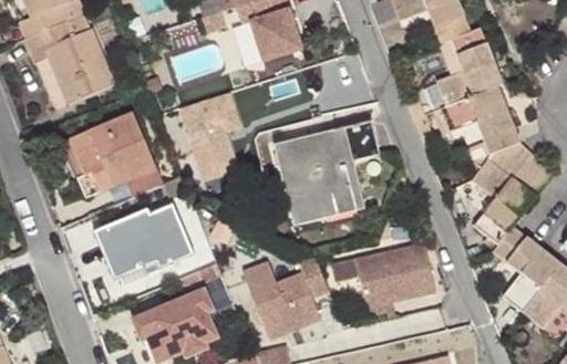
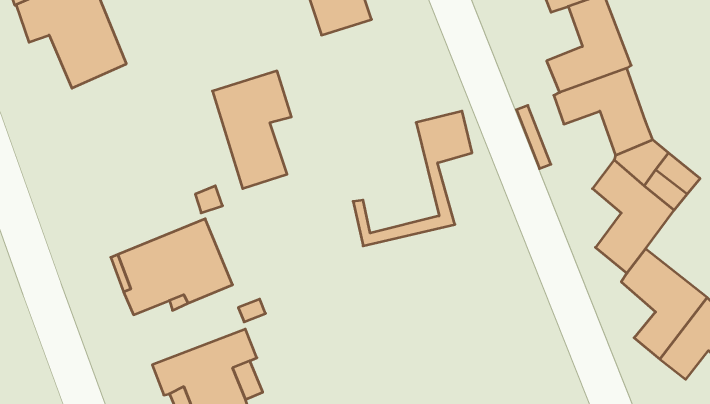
building: [71,112,155,198] -> none
building: [275,128,353,214] -> none
building: [352,241,434,306] -> none
building: [241,250,327,336] -> none

